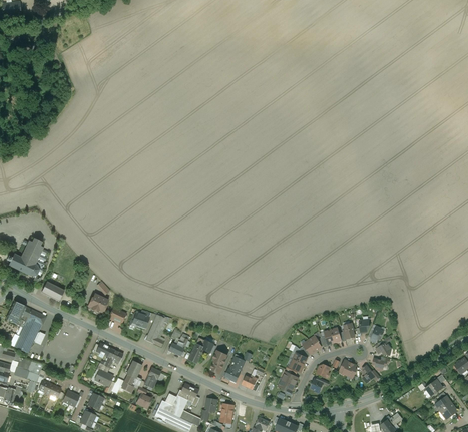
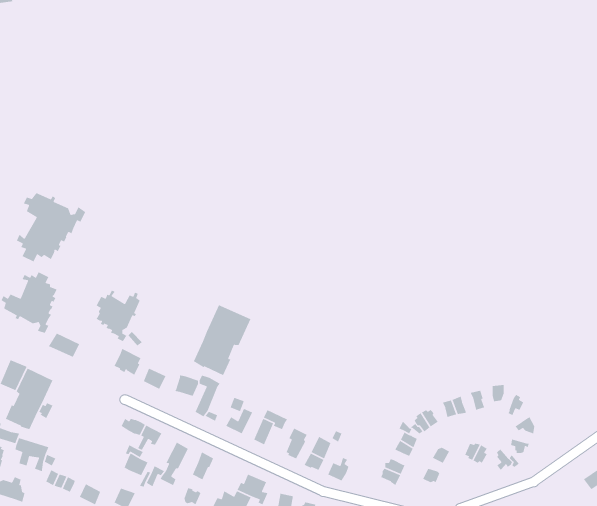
building: none -> [16,192,86,263]
building: none -> [95,289,141,342]
building: none -> [193,304,252,376]

